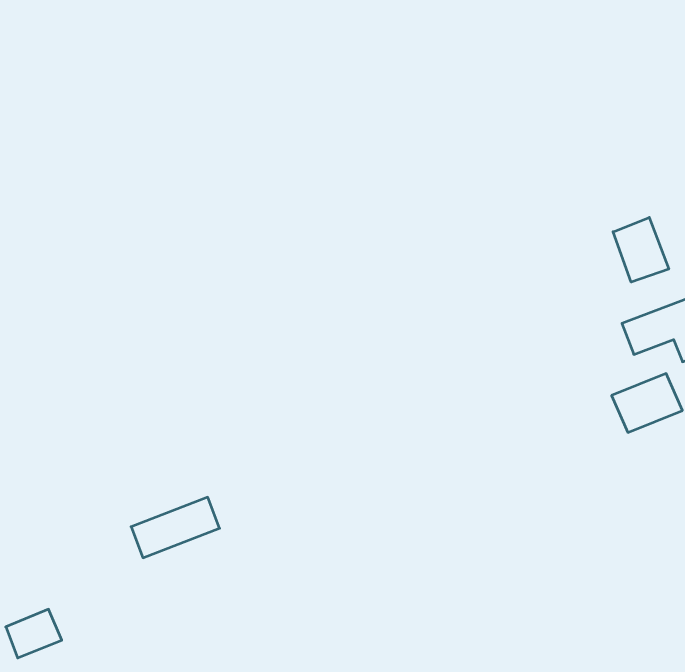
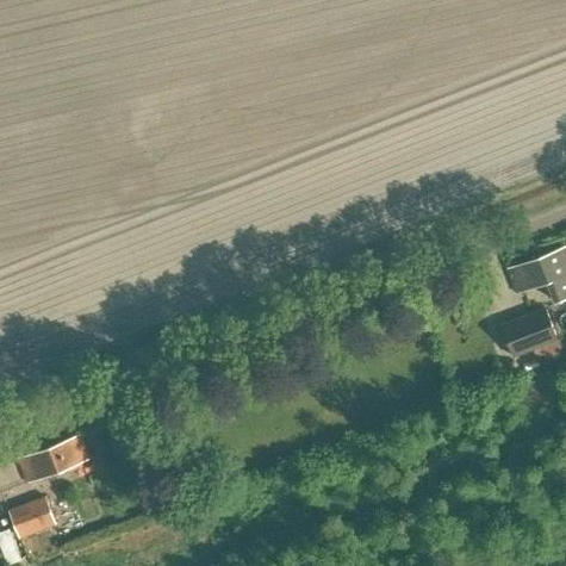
building: [613,217,669,282] -> none
building: [131,497,220,558] -> [20,434,92,483]

